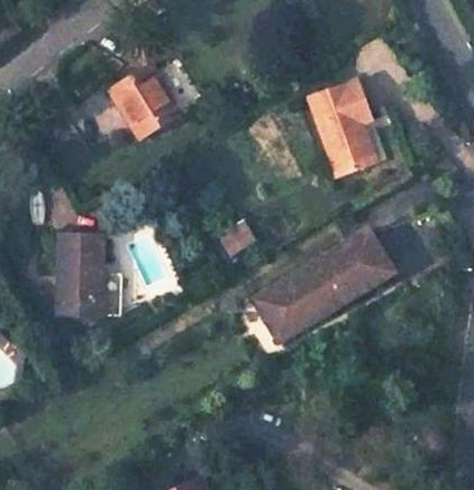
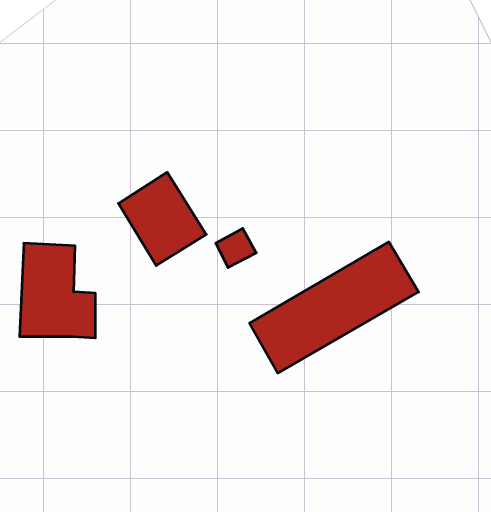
building: [108,62,180,139] -> [118,172,206,266]
building: [310,81,376,175] -> none

